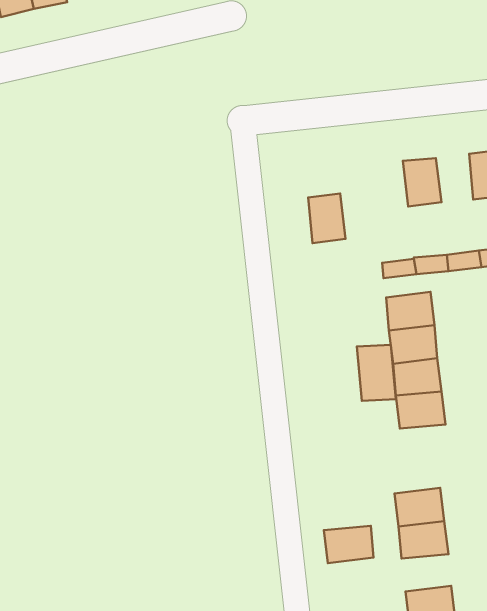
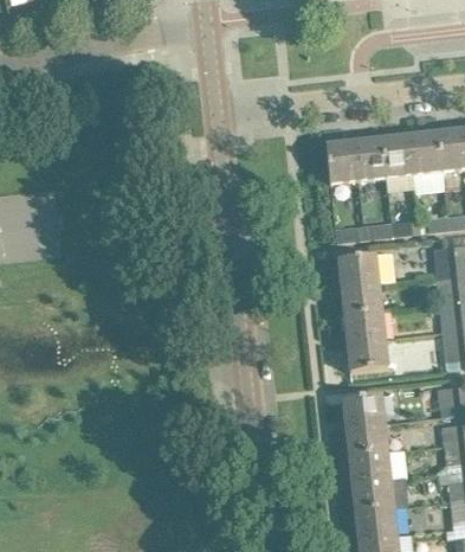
building: none -> [381,135,413,176]
building: [308,193,346,243] -> [325,141,357,184]
building: [357,345,396,401] -> none
building: none -> [342,394,385,426]
building: [324,526,374,563] -> [351,479,394,511]

